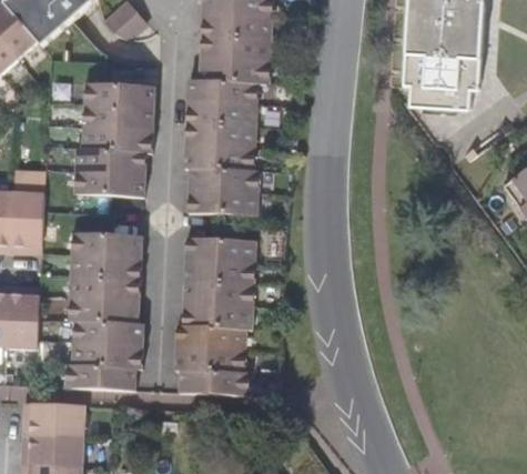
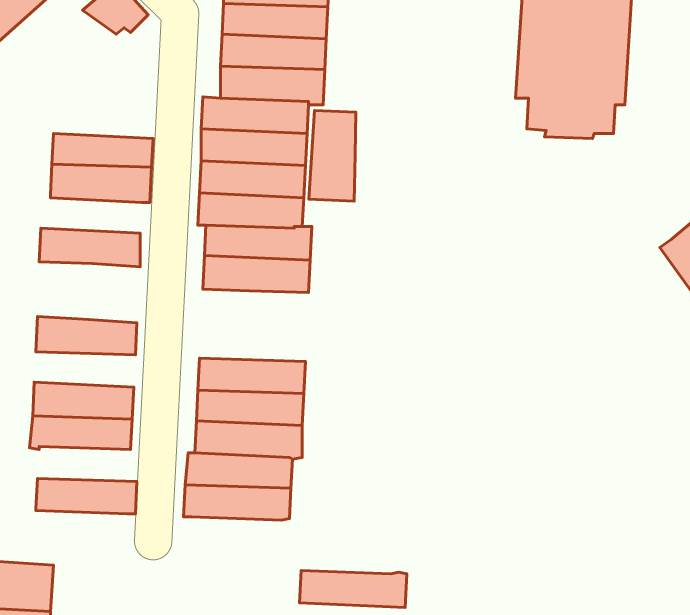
building: [84,81,154,109] -> none
building: none -> [309,110,356,201]
building: [75,148,145,174] -> none
building: [185,238,259,263] -> none
building: [71,256,141,281] -> none
building: [73,322,143,346] -> none
building: [65,365,135,391] -> none
building: [179,371,253,396] -> [299,571,407,608]

